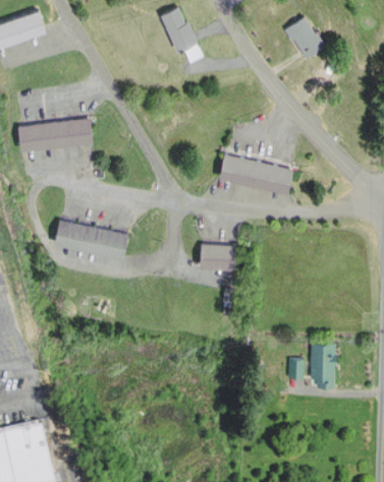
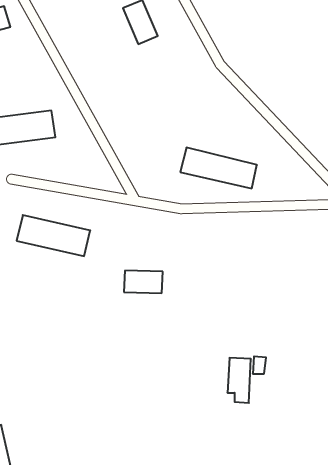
building: [284,17,323,58] -> none
building: [203,245,241,267] -> [124,271,163,293]
building: [311,345,334,389] -> [227,358,251,403]

